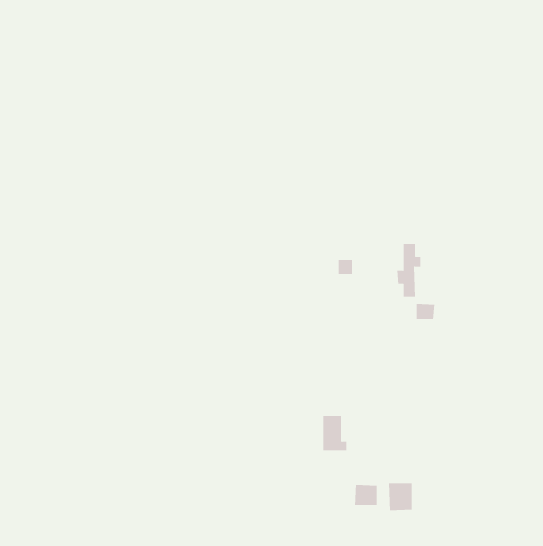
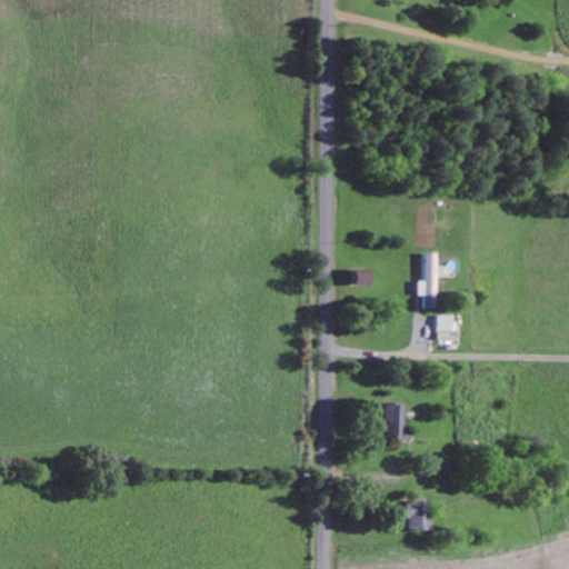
building: [323,416,347,451] -> [383,405,409,441]
building: [355,484,377,506] -> none

